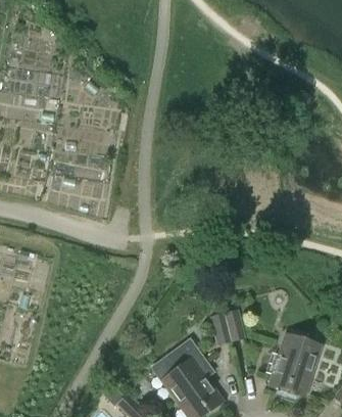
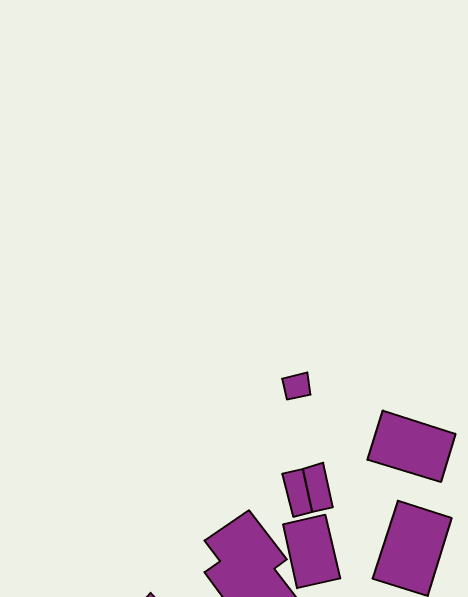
building: none -> [367,410,455,482]
building: none -> [283,515,340,588]

